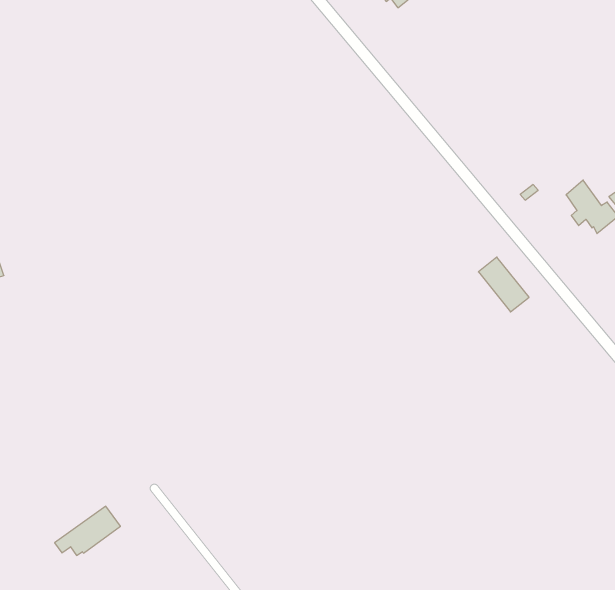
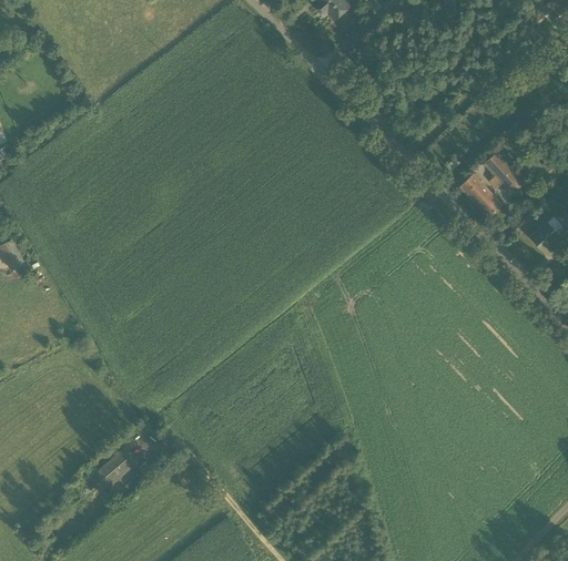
building: [478,257,529,312] -> [459,173,503,217]

